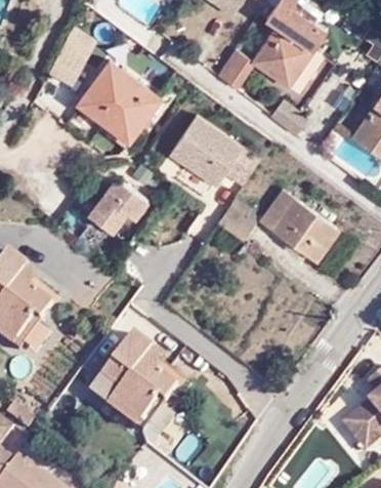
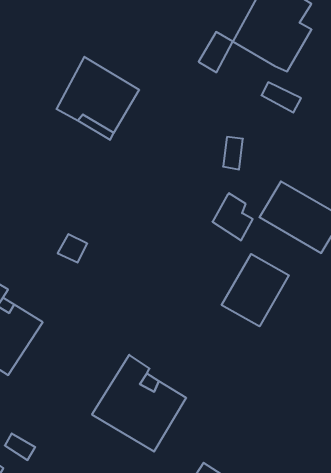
building: [163,109,239,195] -> none
building: [79,169,141,233] -> none
building: none -> [222,254,289,326]

